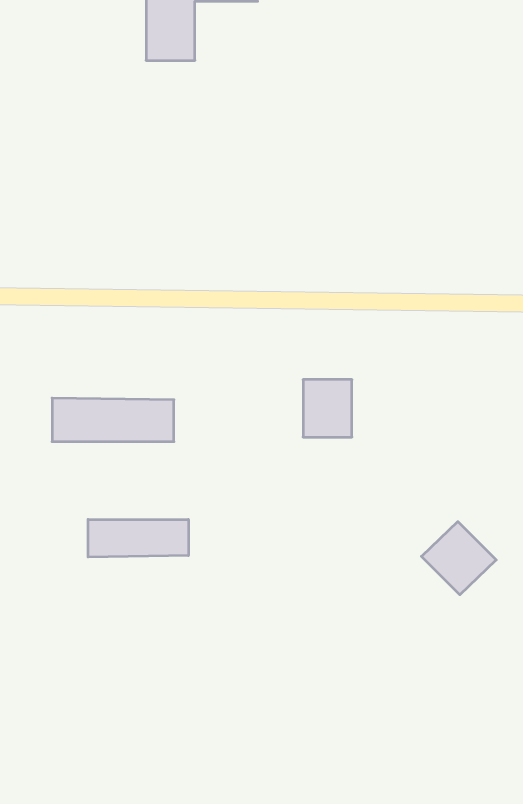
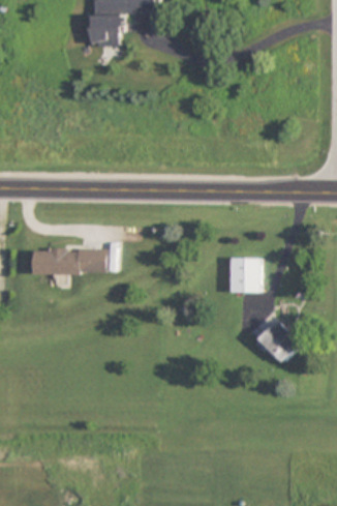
building: [303,380,352,437] -> [229,258,258,292]
building: [88,519,188,557] -> none

